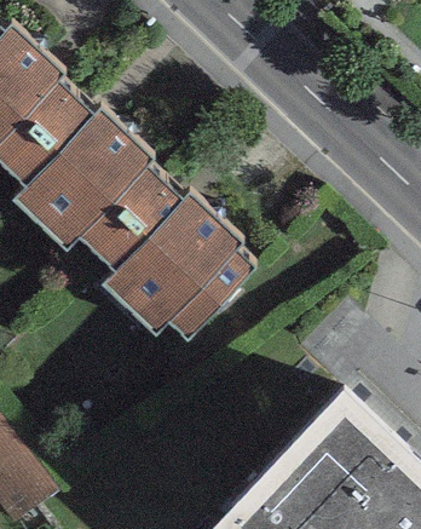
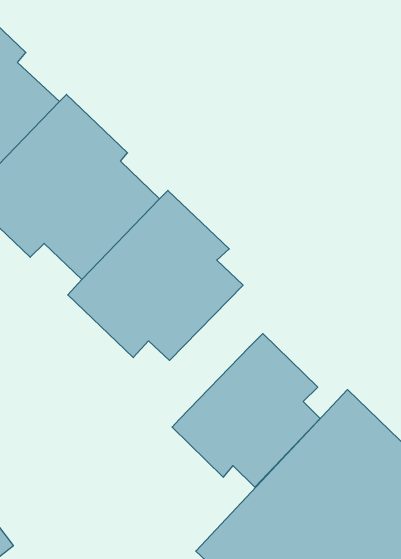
building: none -> [172,334,320,487]

